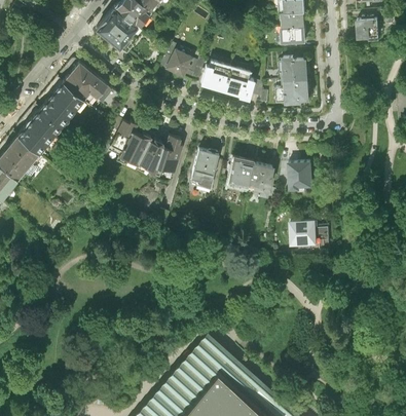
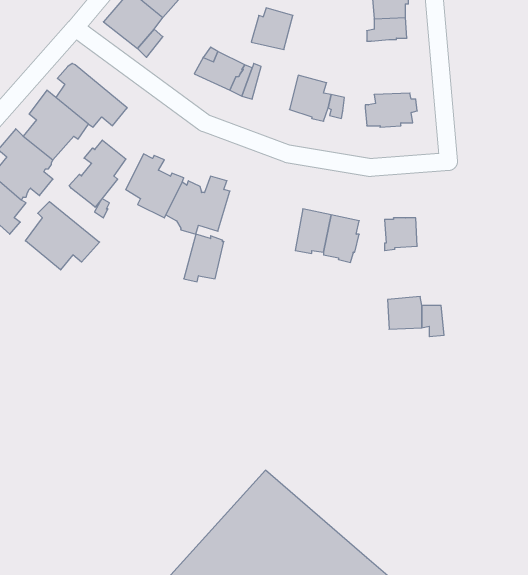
building: [357,21,378,40] -> none
building: [279,58,309,80] -> none
building: [200,62,229,90] -> [251,8,293,50]
building: none -> [69,140,126,207]
building: [190,150,218,183] -> [184,234,224,282]
building: none -> [25,202,100,270]

